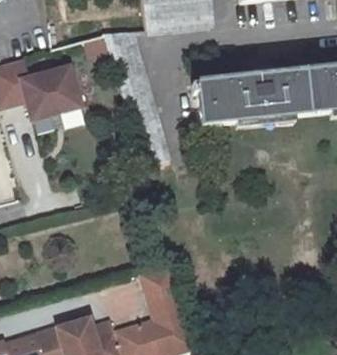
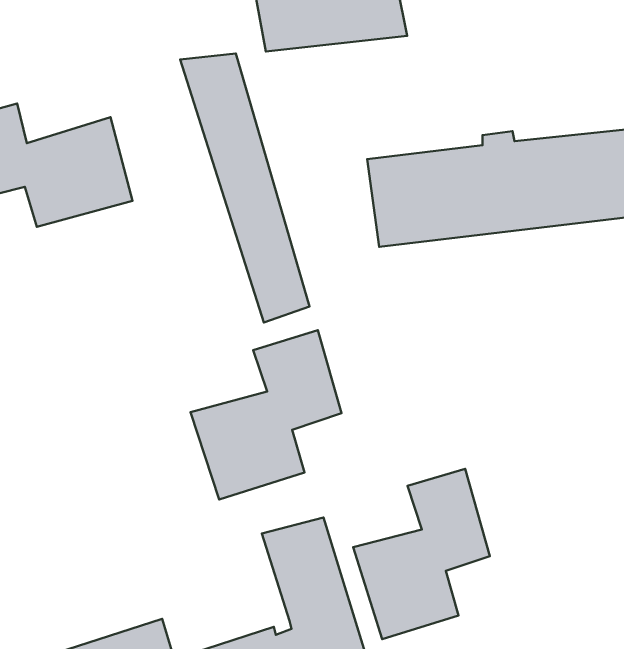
building: none -> [191,330,342,500]
building: none -> [353,469,490,639]

